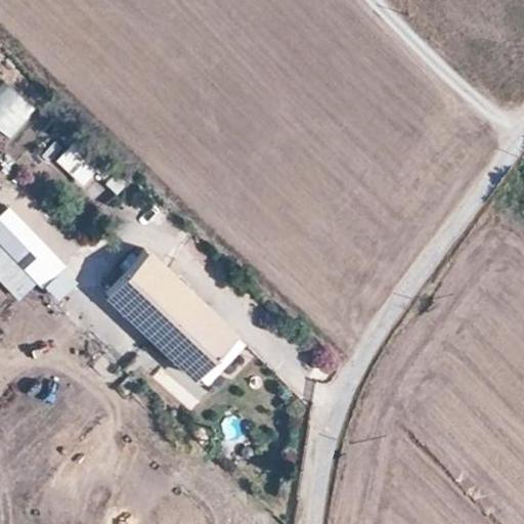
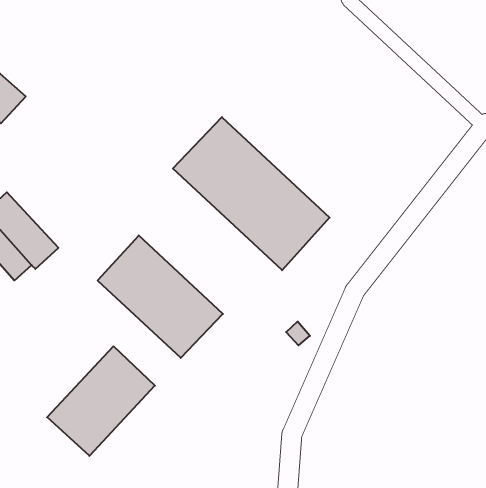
building: none -> [173,117,330,270]
building: none -> [47,346,155,456]

